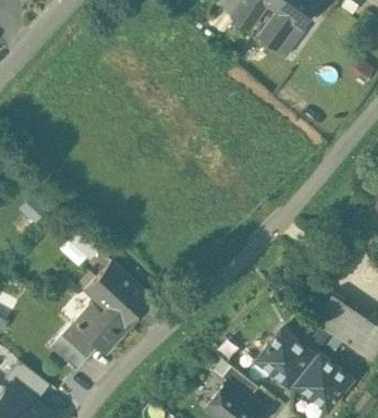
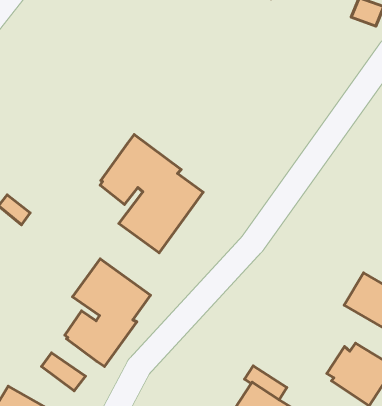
building: none -> [100,135,203,253]
building: [58,322,96,359] -> none
building: [258,329,314,384] -> none

